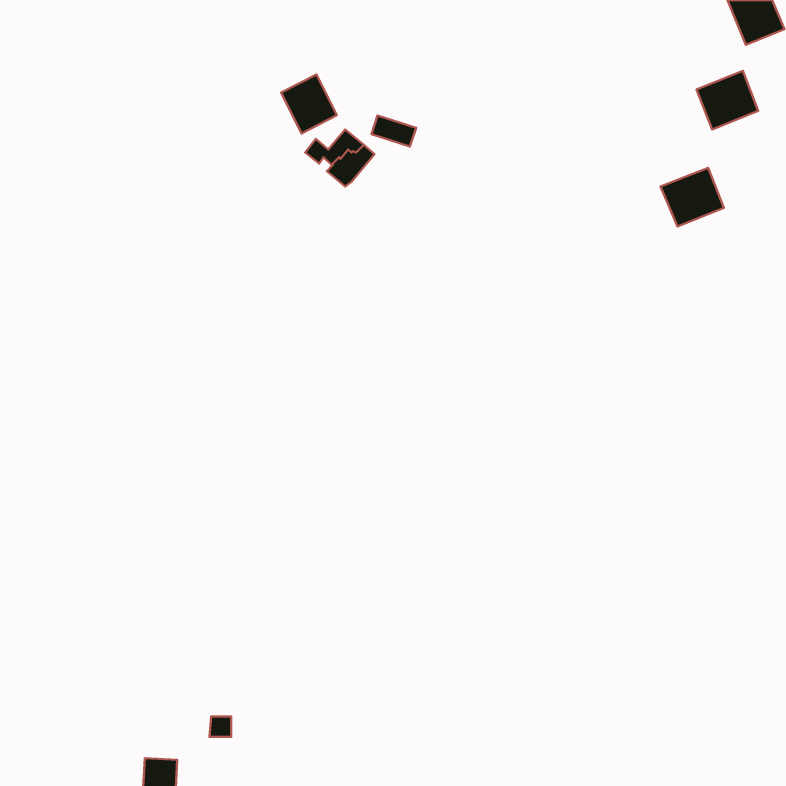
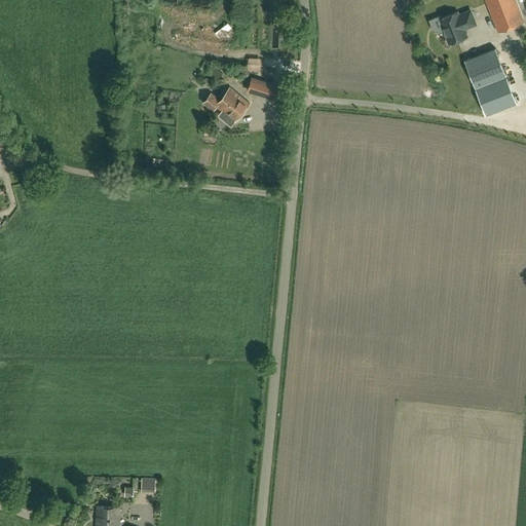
building: none -> [439,10,475,44]
building: [281,74,337,133] -> none
building: [661,168,724,226] -> [474,76,516,115]

